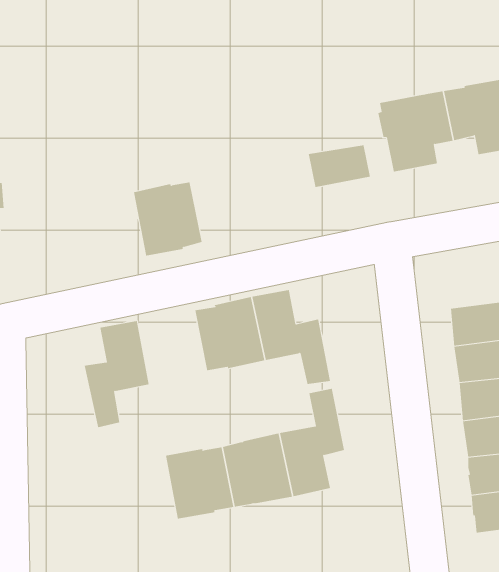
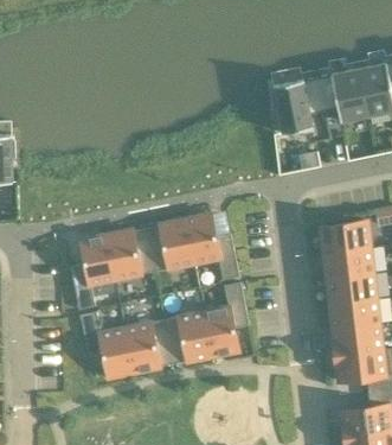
building: [308,144,370,188] -> none
building: [133,182,202,256] -> [107,228,154,279]
building: none -> [81,311,134,377]

